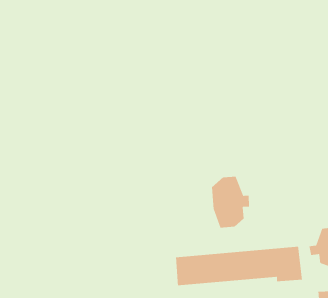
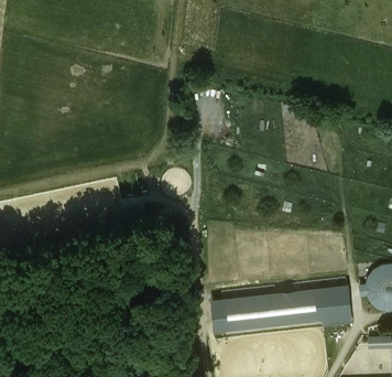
building: [211,176,250,229] -> none

